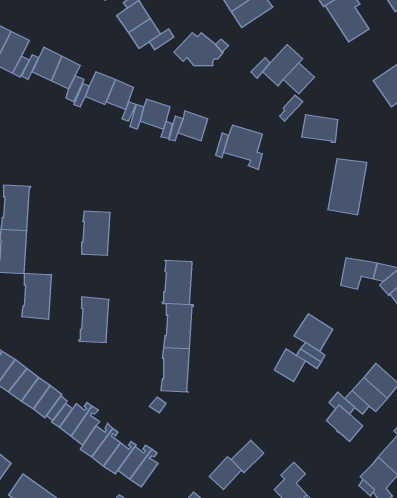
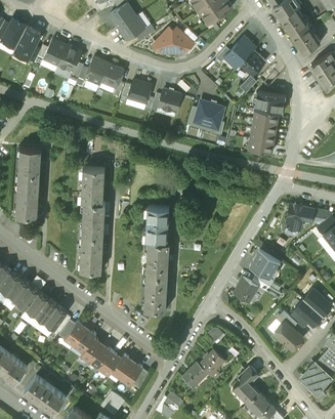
building: none -> [292,26,321,54]
building: [328,159,367,215] -> [248,111,279,155]
building: [22,274,52,319] -> [82,203,106,239]

